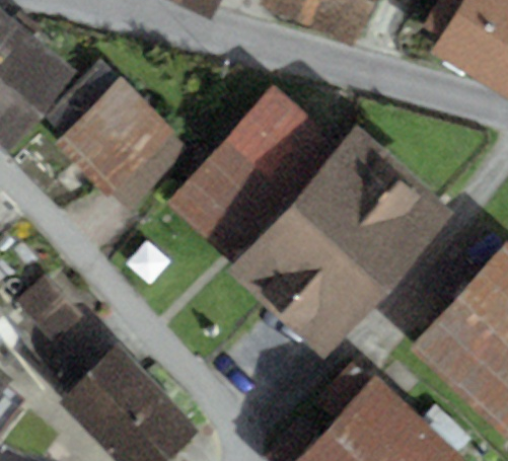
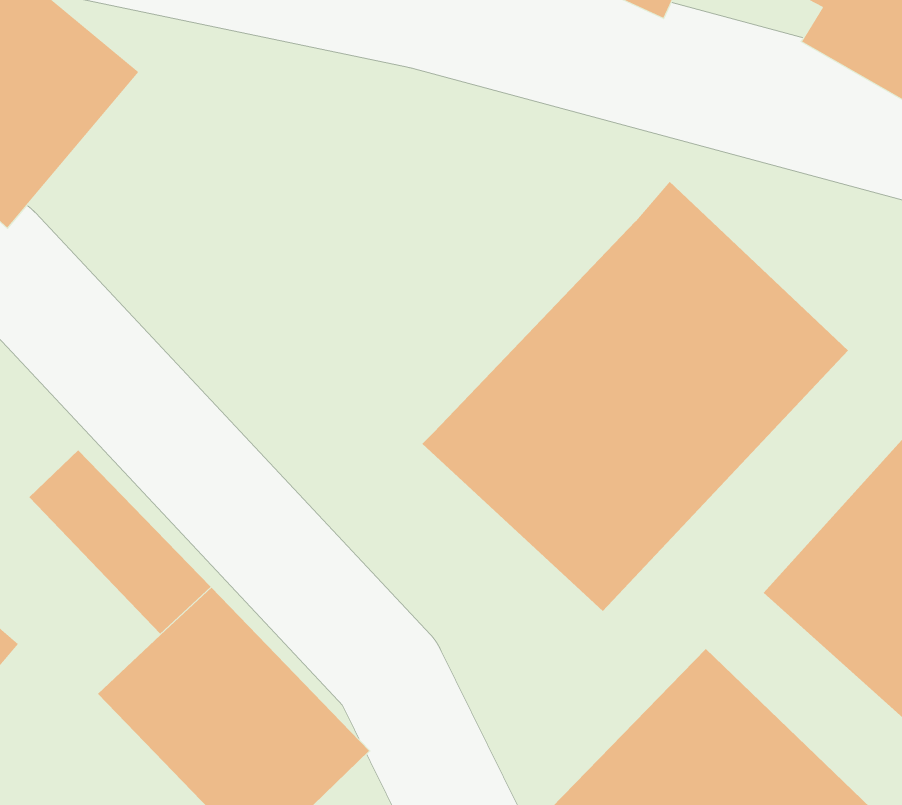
building: [46,58,201,217] -> none
building: [167,86,342,261] -> none

